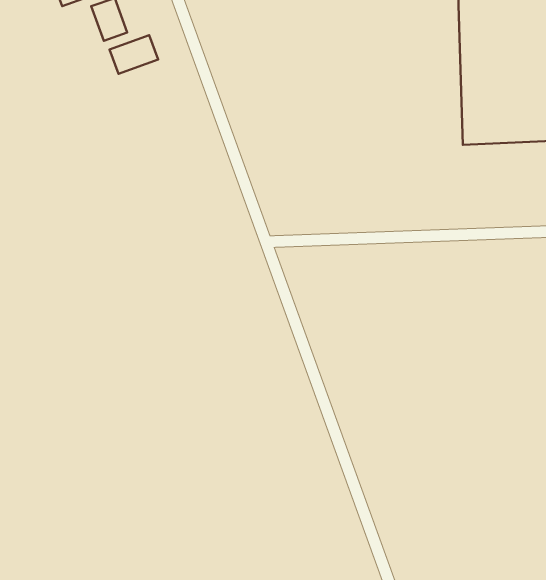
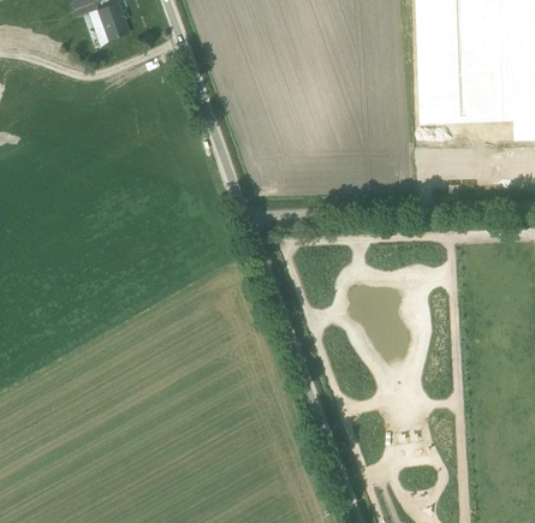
building: [110,35,158,74] -> none

